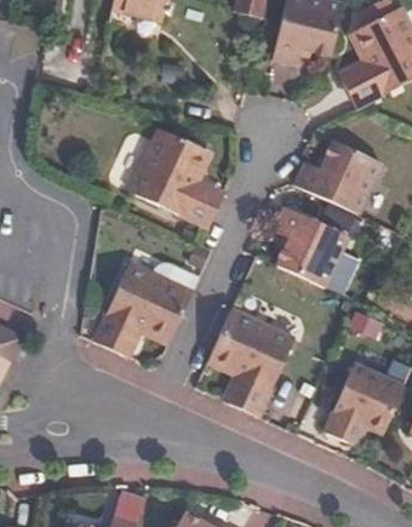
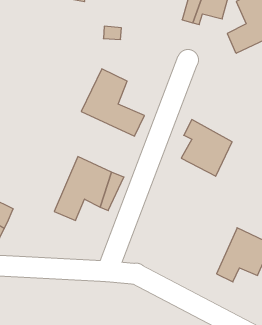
building: [299,142,385,217] -> none
building: [211,304,296,411] -> none

